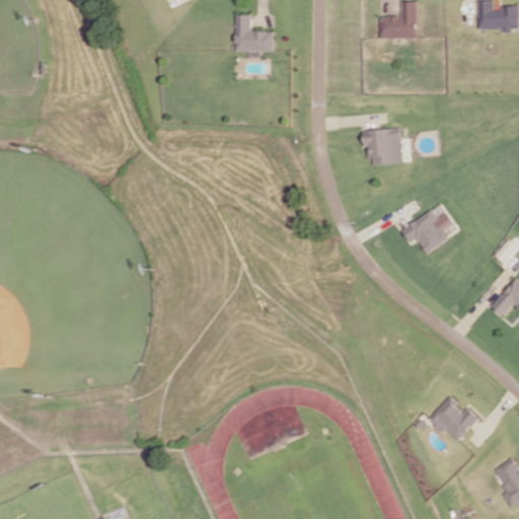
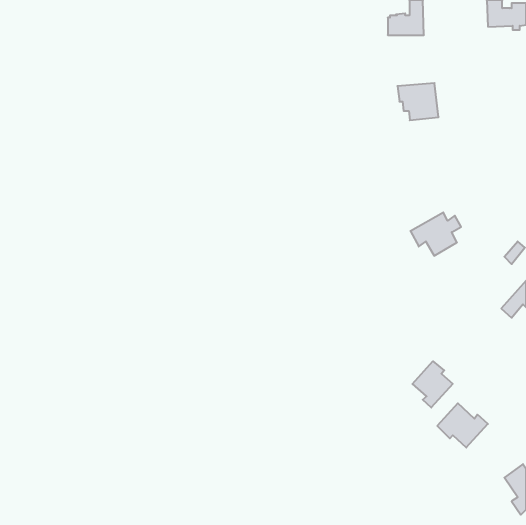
building: [237,14,273,50] -> none
building: [363,128,403,164] -> [397,83,439,120]
building: none -> [412,361,453,408]

